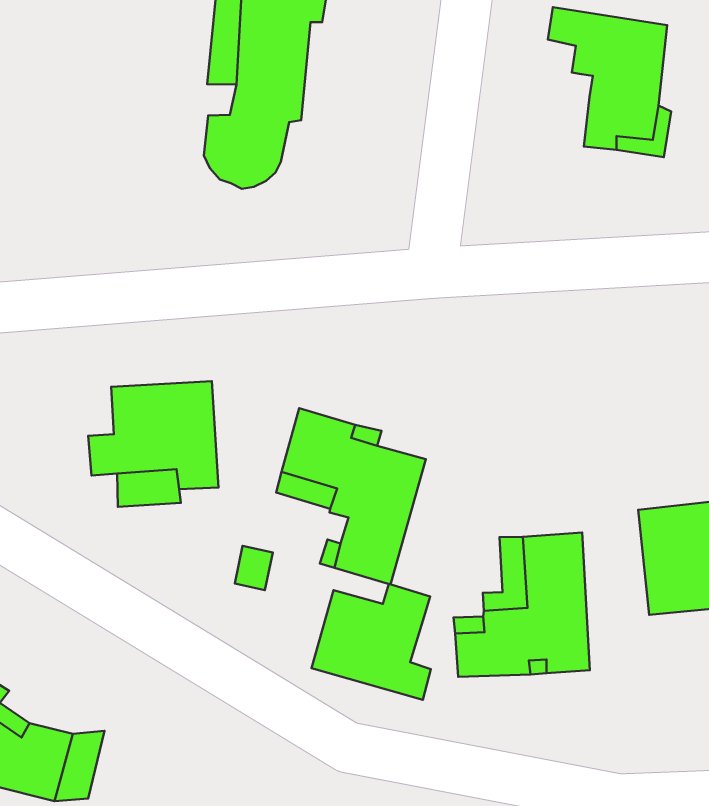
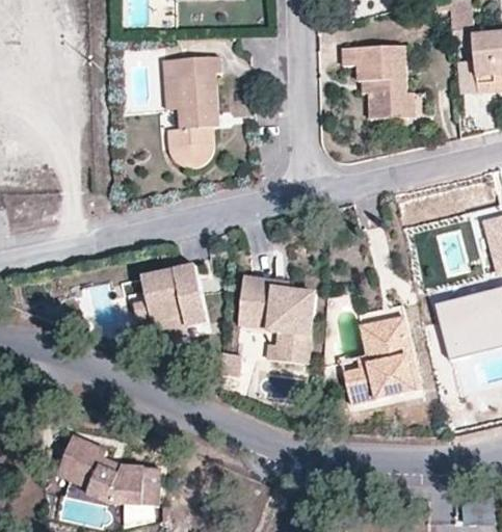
building: [312,584,431,700] -> none

